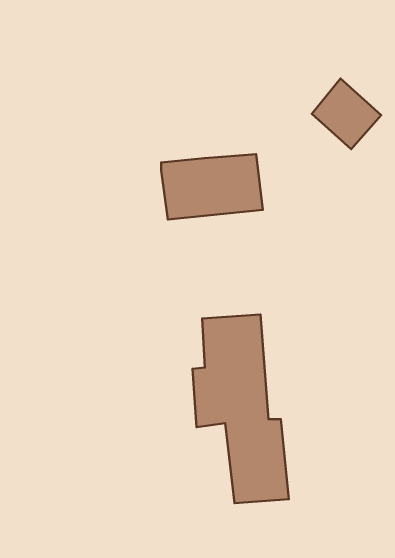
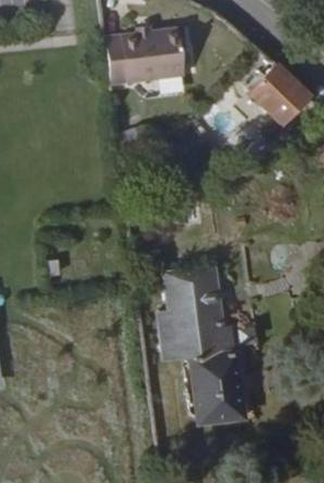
building: [161,154,263,219] -> [107,27,189,80]

